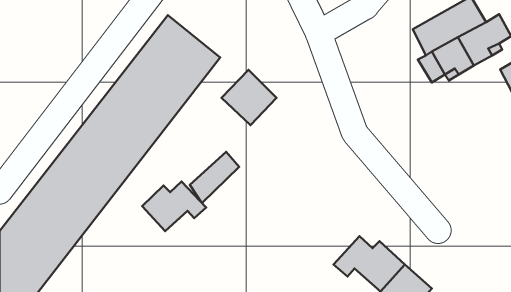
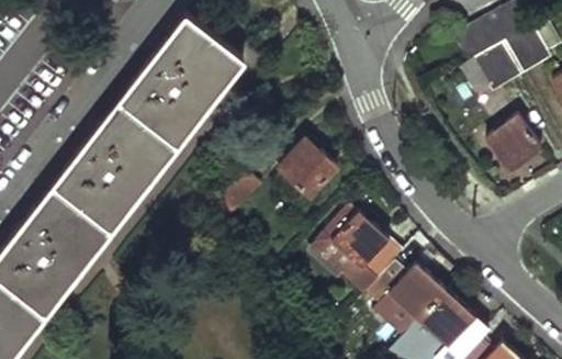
building: [221,70,277,125] -> [278,138,338,199]
building: none -> [483,113,541,171]
building: [142,181,206,231] -> none
building: none -> [323,213,394,295]

